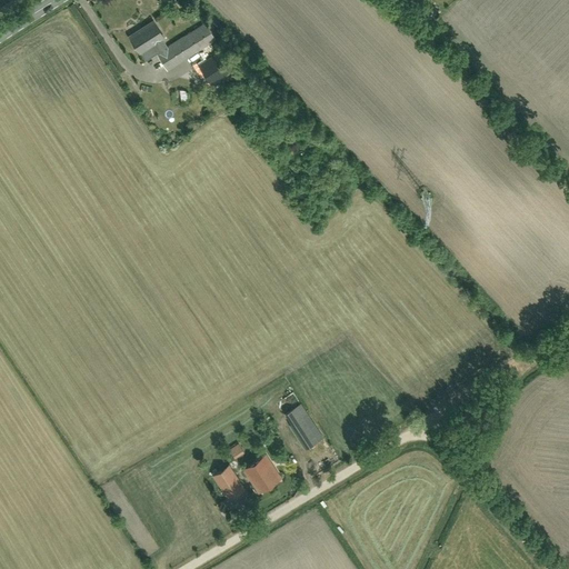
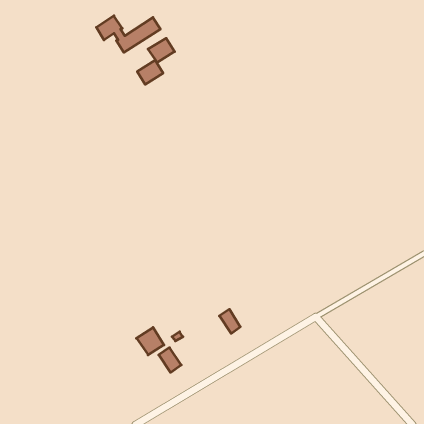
building: none -> [137,60,163,84]
building: [242,456,279,492] -> [136,327,164,355]

